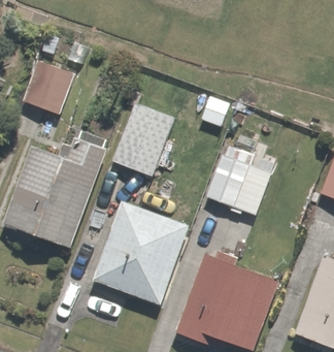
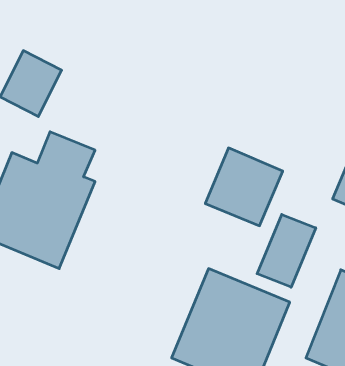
building: [110,103,174,177] -> none
building: [95,201,188,301] -> none
building: none -> [257,214,316,287]

